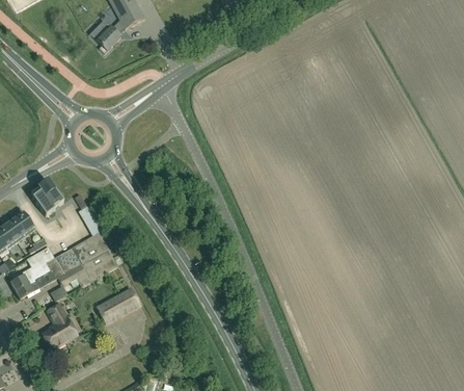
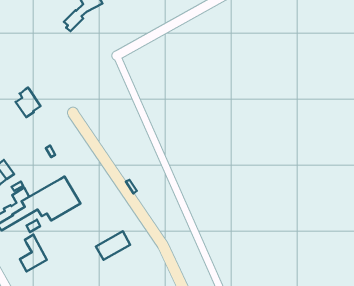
building: [31,179,62,215] -> [15,88,41,117]
building: [97,288,139,323] -> [96,231,130,260]

